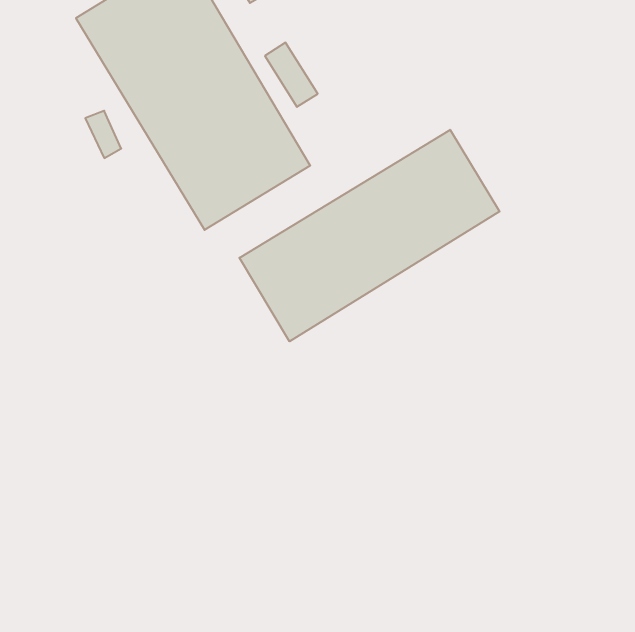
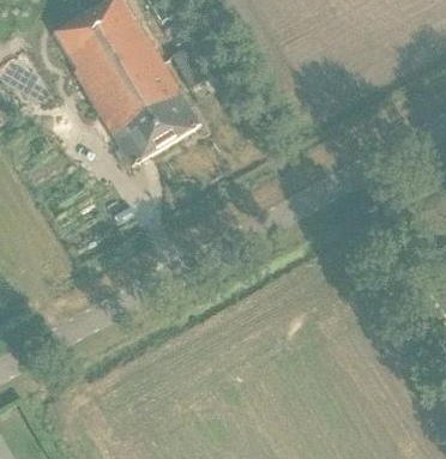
building: [239,130,500,341] -> none

